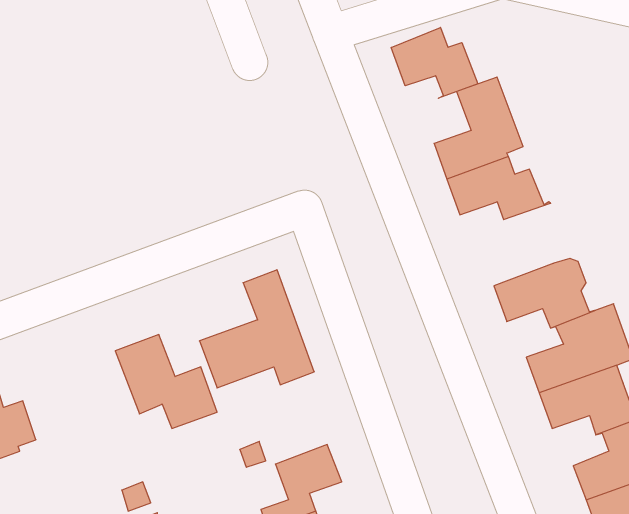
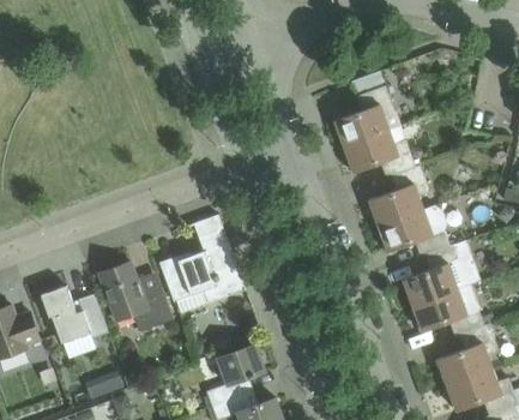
building: [391,27,478,98] -> none
building: none -> [369,164,430,226]
building: none -> [41,284,108,359]

